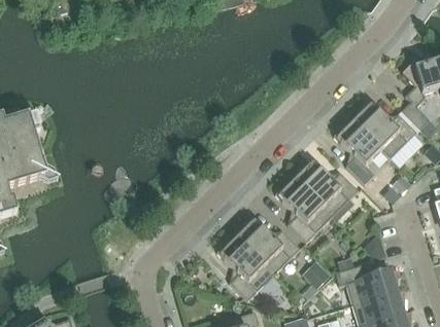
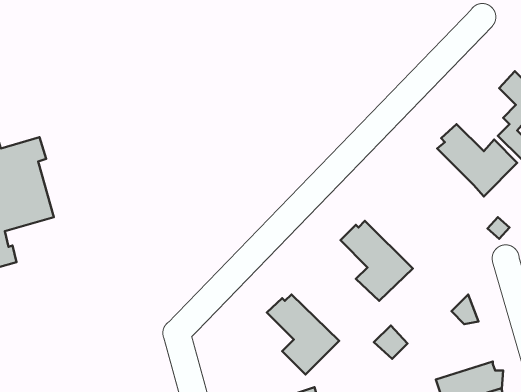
building: [333,120,381,184] -> none
building: [295,158,359,216] -> none
building: [236,217,300,274] -> none
building: [336,264,399,304] -> none

